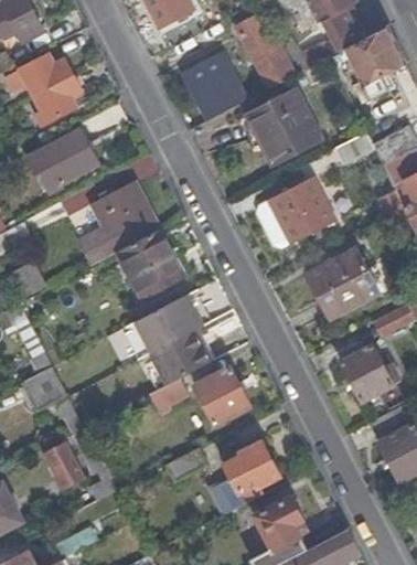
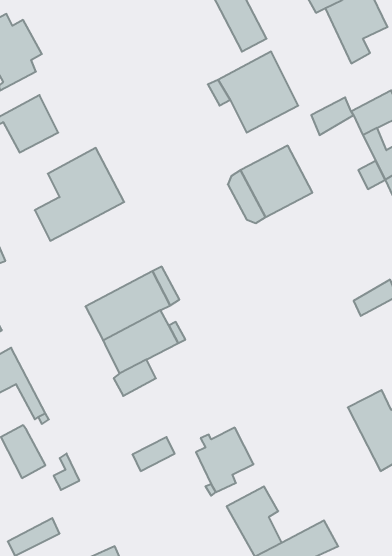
building: [177,49,246,121] -> none
building: [117,230,183,299] -> none
building: [307,247,378,317] -> none
building: [342,345,398,401] -> none
building: [195,366,250,423] -> none

